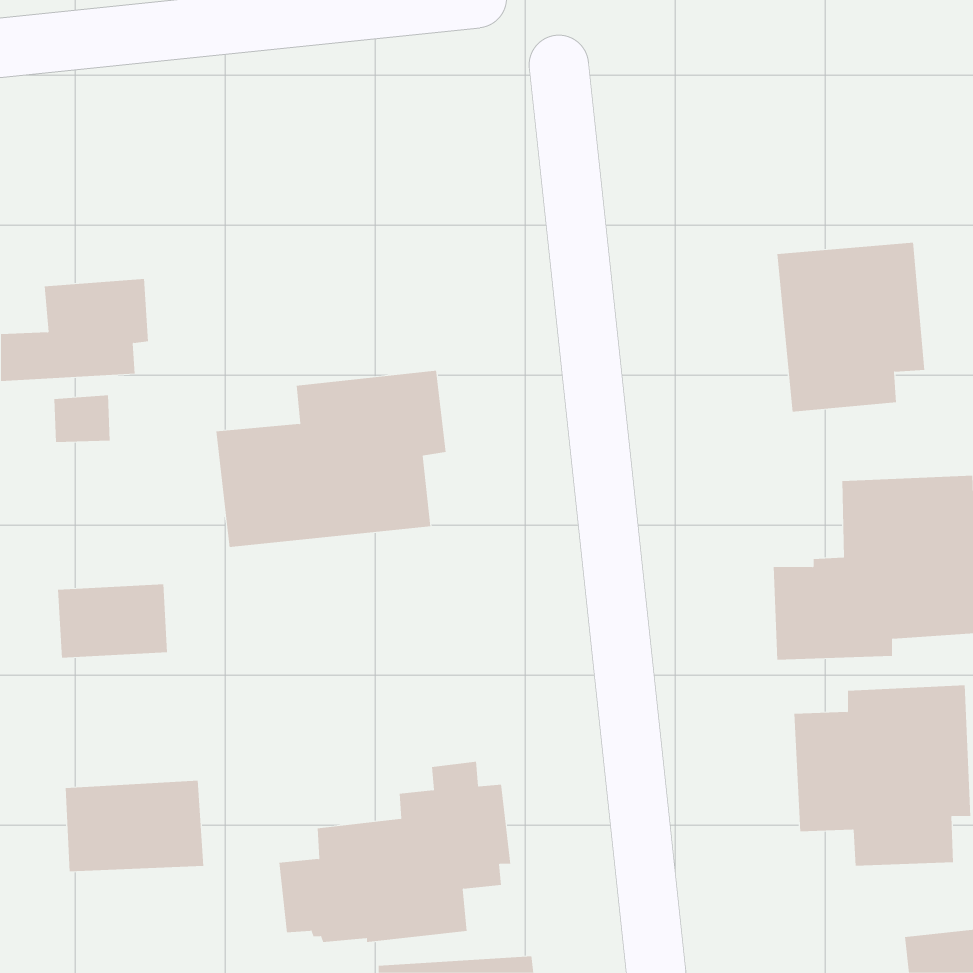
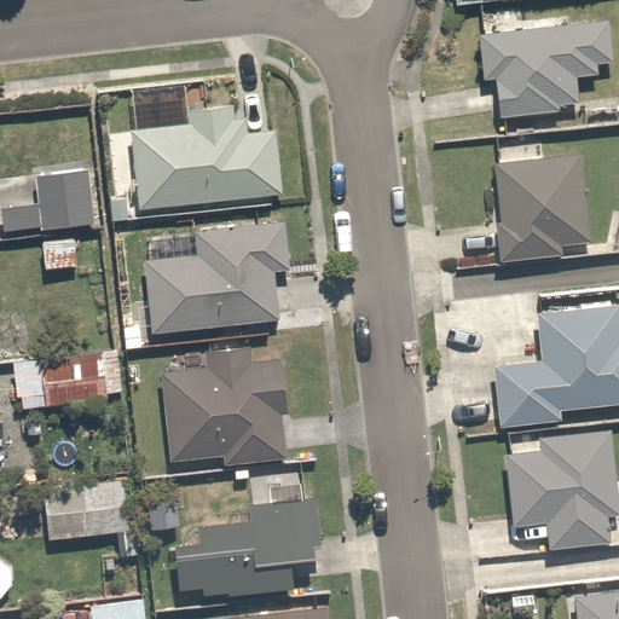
building: none -> [473,19,611,118]
building: none -> [135,94,295,202]
building: none -> [163,343,290,463]

